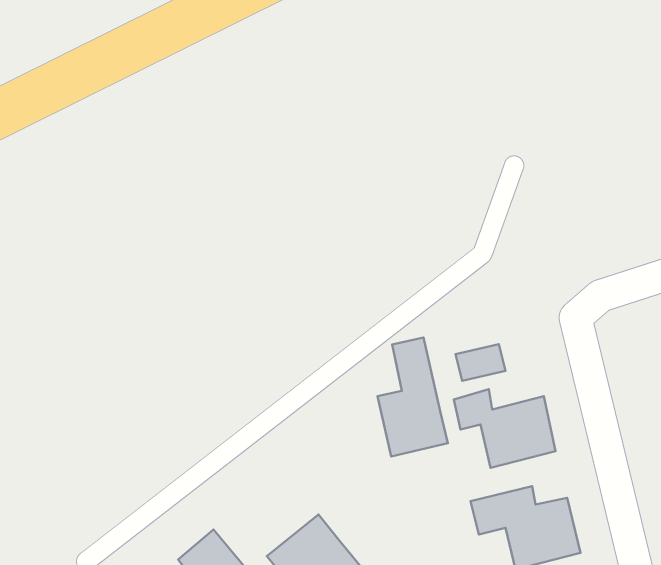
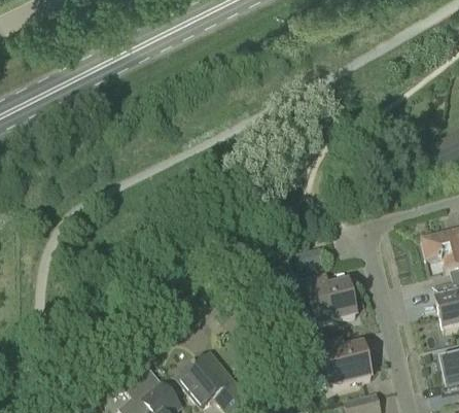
building: [377,338,448,457] -> none

